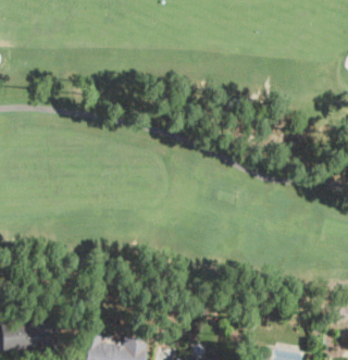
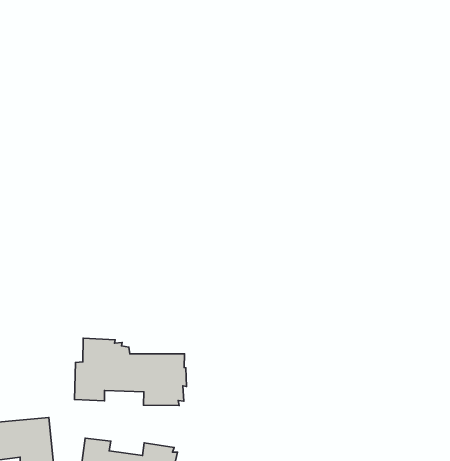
building: none -> [75,338,186,406]

